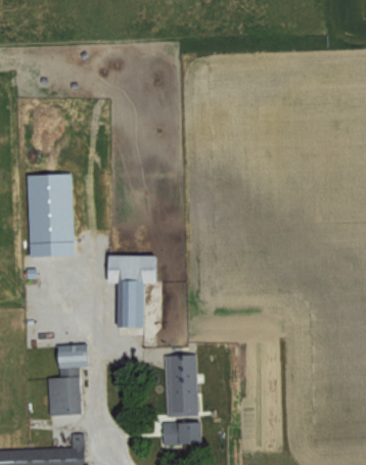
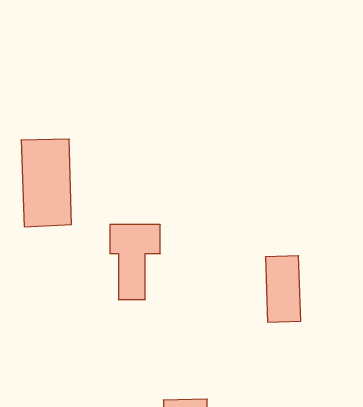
building: [45,343,91,416] -> none
building: [164,355,197,418] -> [265,256,301,322]

